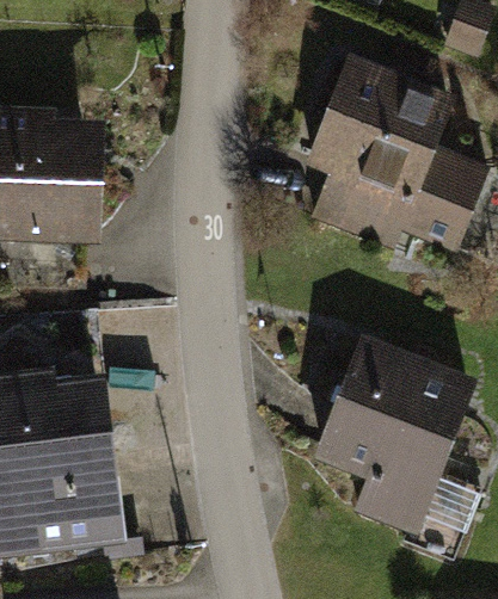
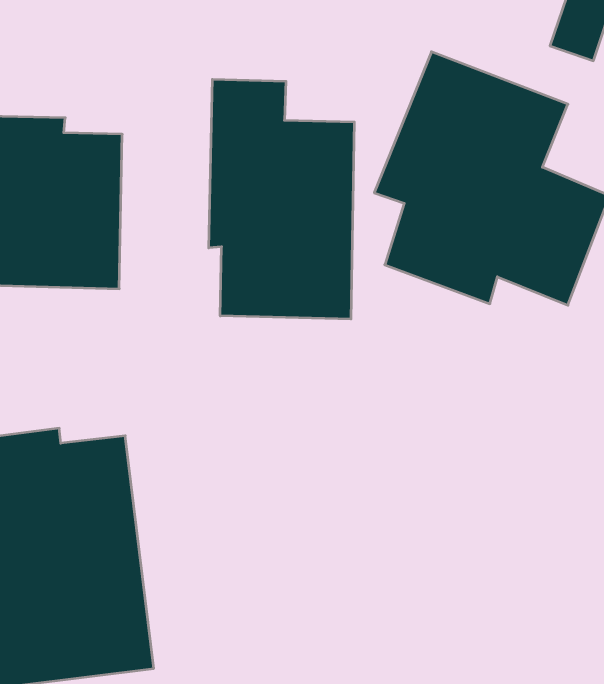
building: none -> [209,79,354,319]
building: [312,334,478,538] -> none

